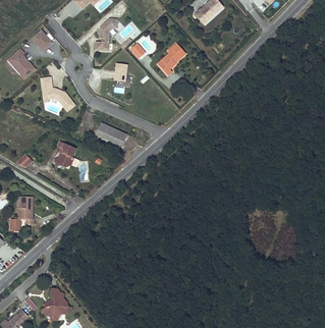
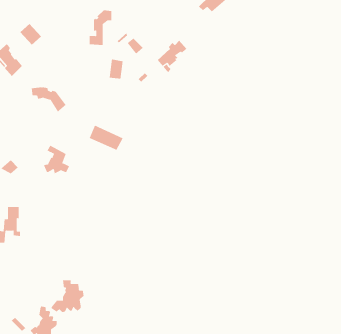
building: none -> [51,279,84,313]

